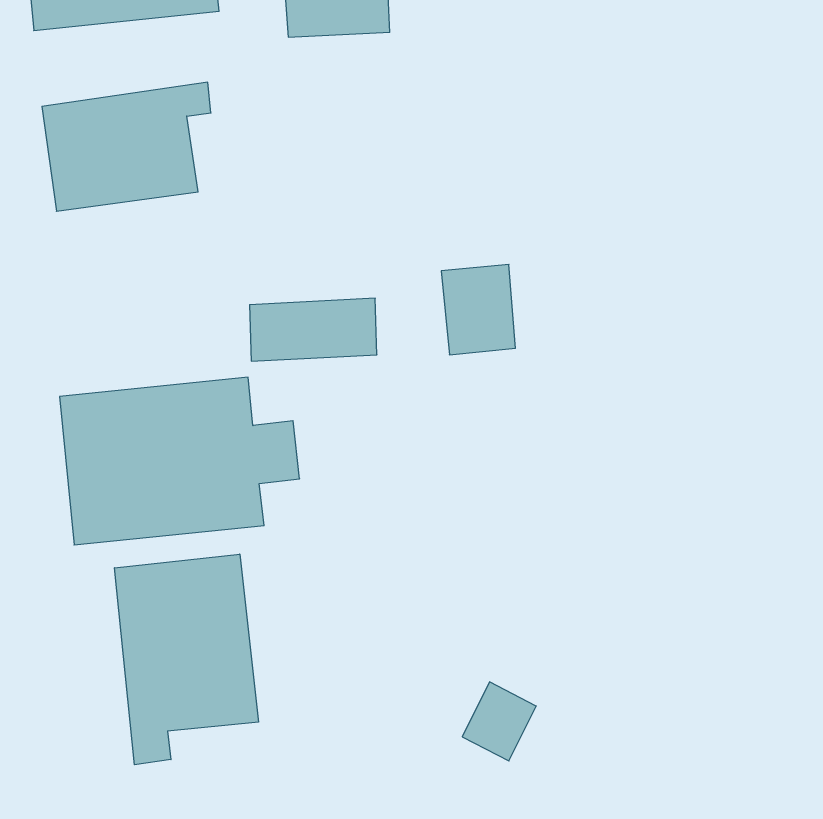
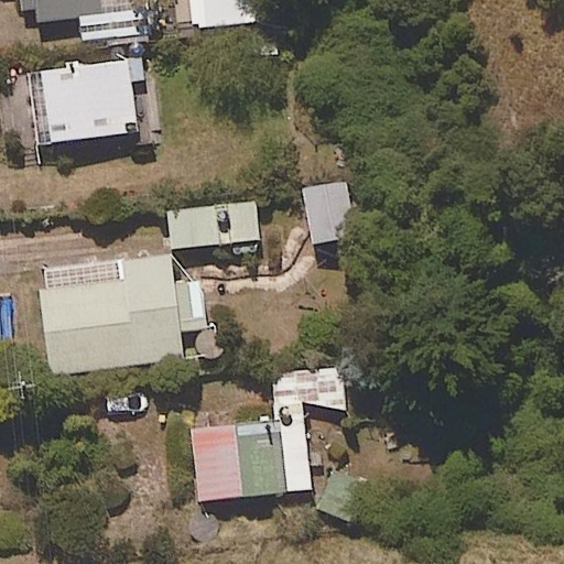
building: none -> [192,368,345,500]
building: [115,554,258,765] -> none

